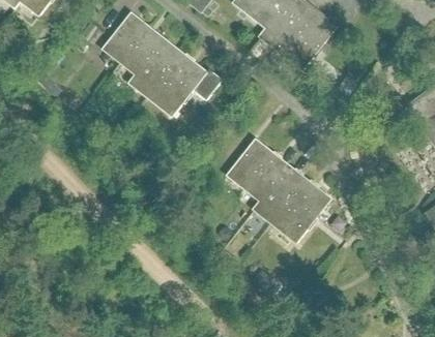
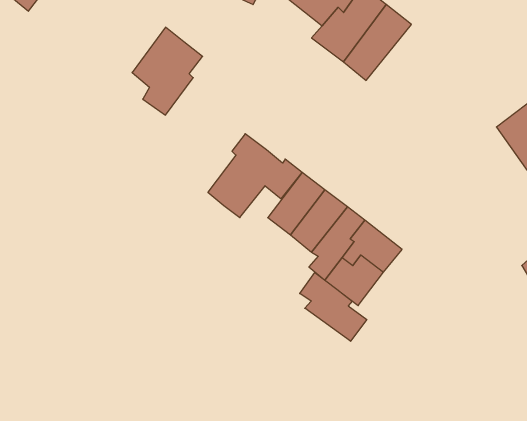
building: [103,12,147,62] -> none
building: [147,50,221,115] -> [208,134,302,218]
building: none -> [300,272,367,341]

